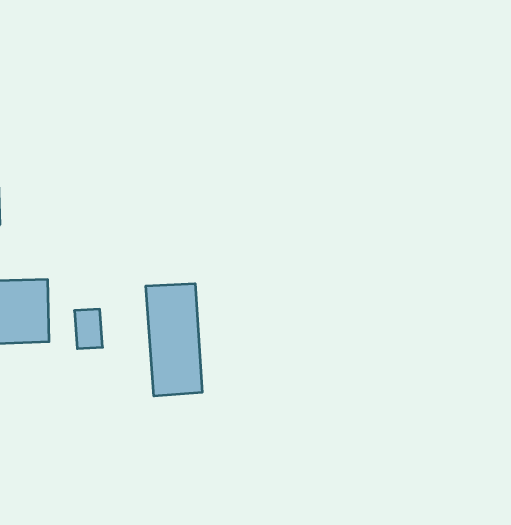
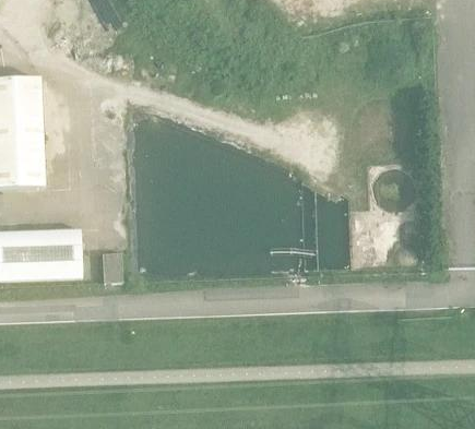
building: [146,284,202,396] -> none

